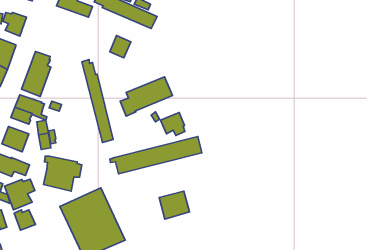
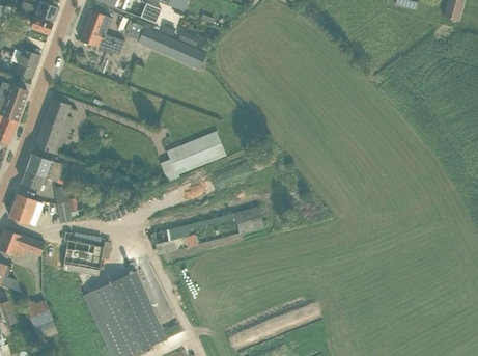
building: [110,36,131,58] -> none
building: [82,59,113,143] -> none
building: [160,113,185,135] -> none
building: [5,179,35,210] -> none
building: [159,191,190,219] -> none

